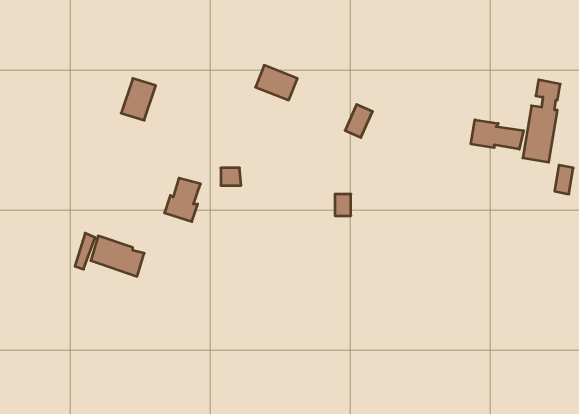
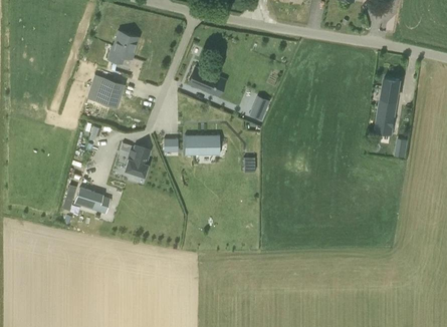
building: none -> [106,31,139,65]
building: [471,120,524,149] -> none
building: none -> [184,135,219,155]

